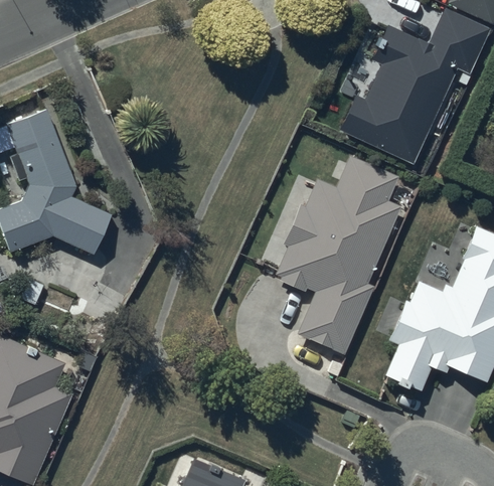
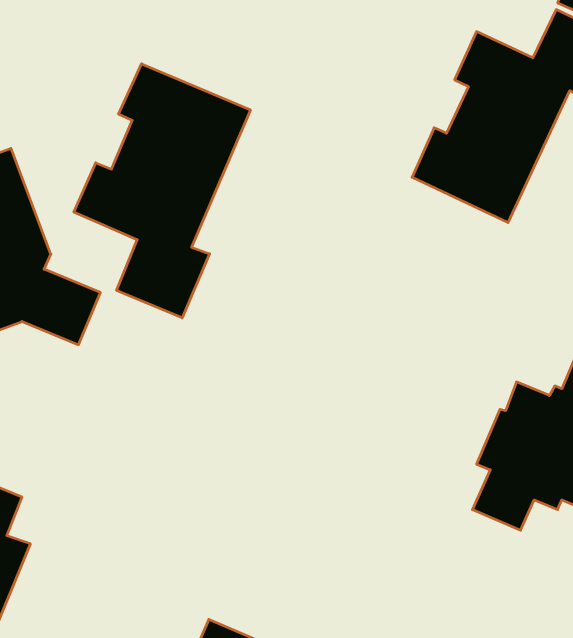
building: none -> [74,64,250,318]
building: [277,156,402,355] -> none

